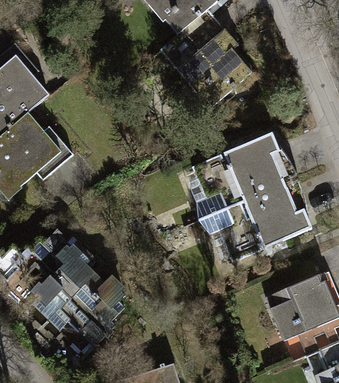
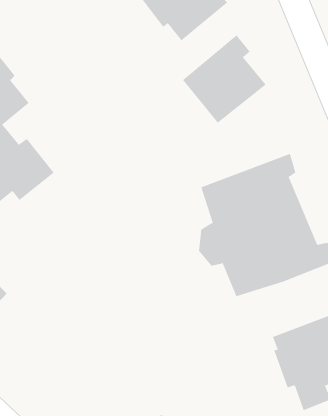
building: [31,239,136,354] -> none

